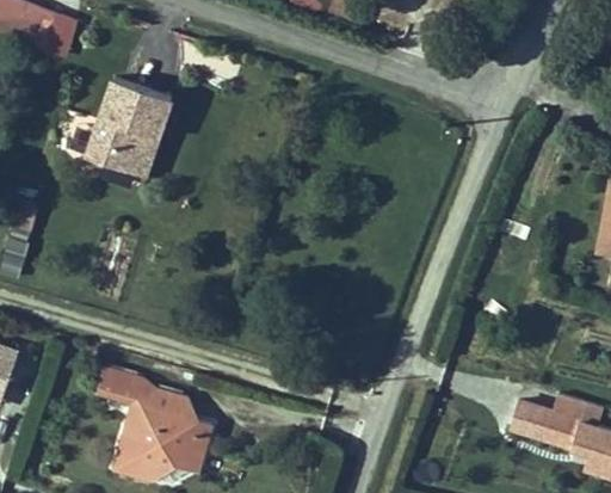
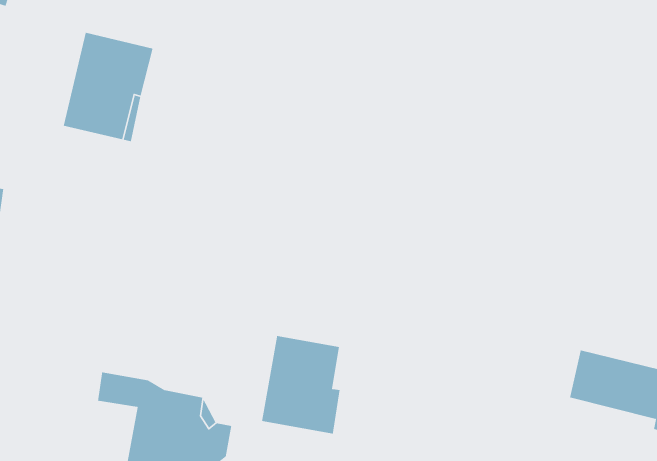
building: none -> [261,335,341,434]

